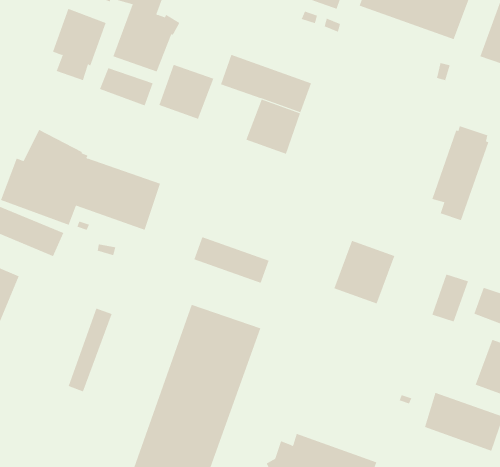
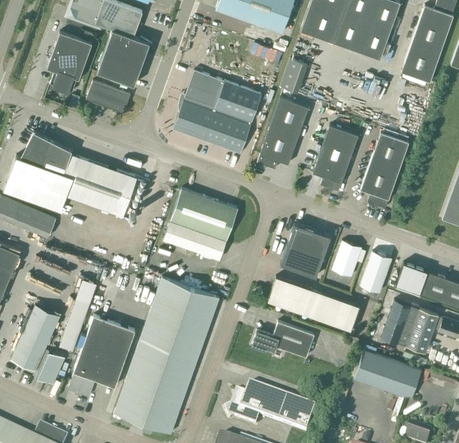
building: none -> [280,59,307,93]
building: [159,64,214,120] -> [173,95,219,141]
building: none -> [257,97,308,169]
building: none -> [312,126,357,191]
building: none -> [170,189,237,241]
building: none -> [331,241,361,276]
building: none -> [268,277,358,330]
building: none -> [379,300,410,344]
building: none -> [10,305,64,385]
building: none -> [68,315,135,397]
building: none -> [251,322,314,357]

